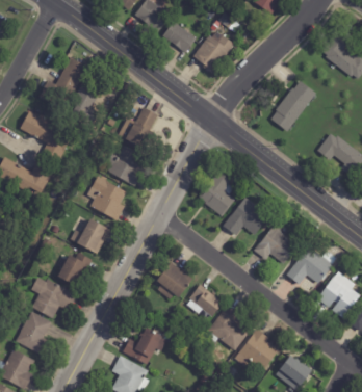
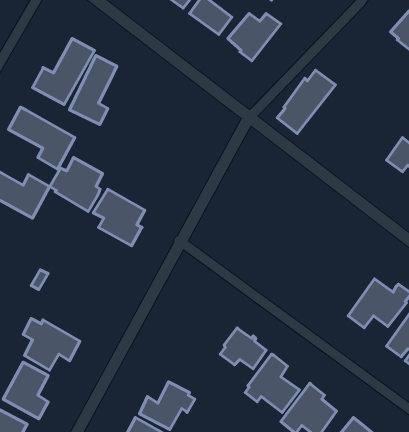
building: [270,82,316,132] -> [277,70,335,134]
building: [118,106,158,146] -> none
building: [104,143,146,186] -> [50,157,103,212]
building: [199,168,235,215] -> none
building: [223,197,268,235] -> none
building: [77,217,110,253] -> none
building: [254,221,298,263] -> none
building: [58,252,92,285] -> none
building: [157,264,193,299] -> none

